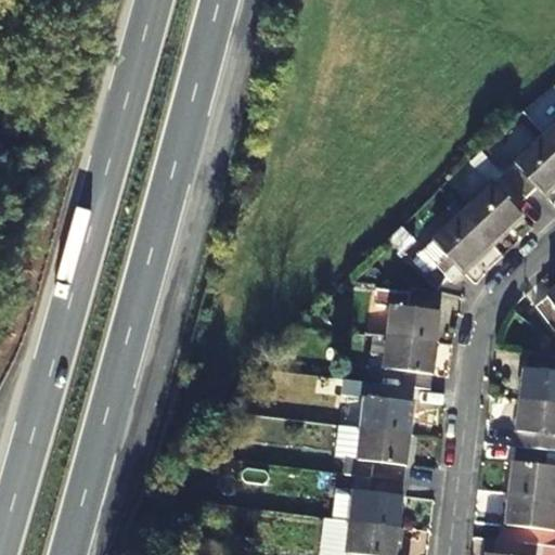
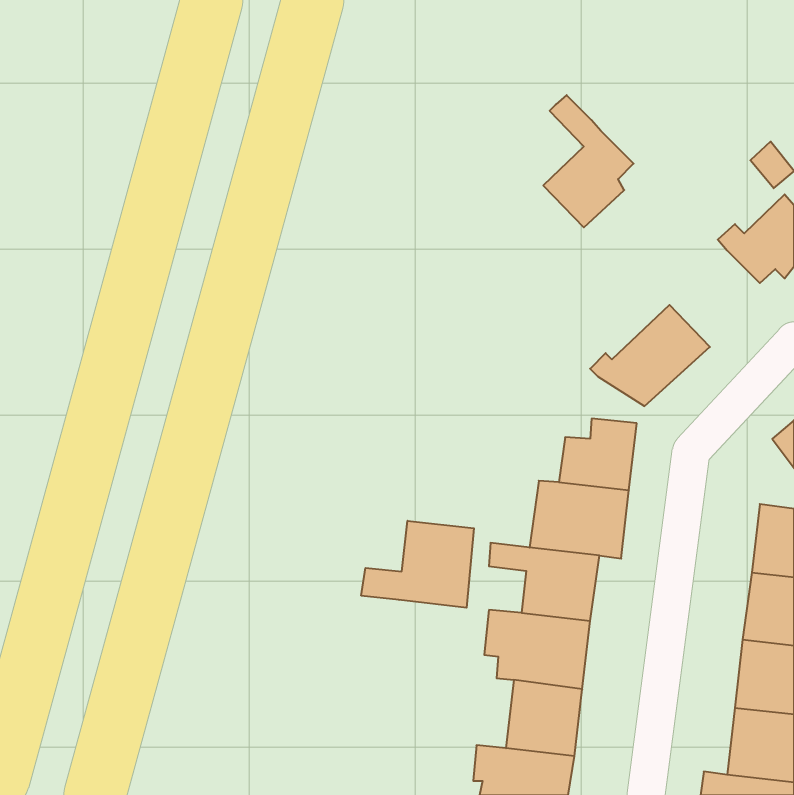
building: [466,150,529,242] -> [543,95,634,227]
building: none -> [361,521,474,608]

